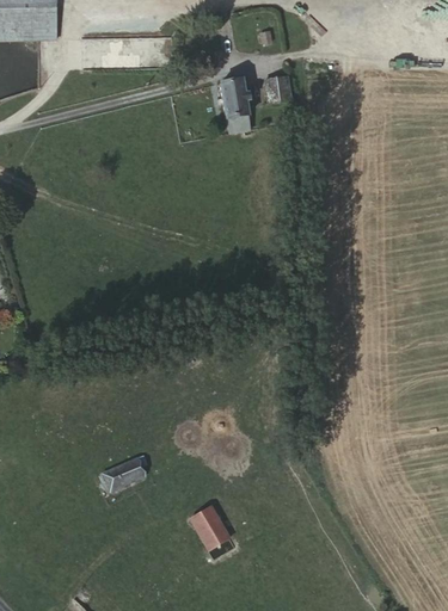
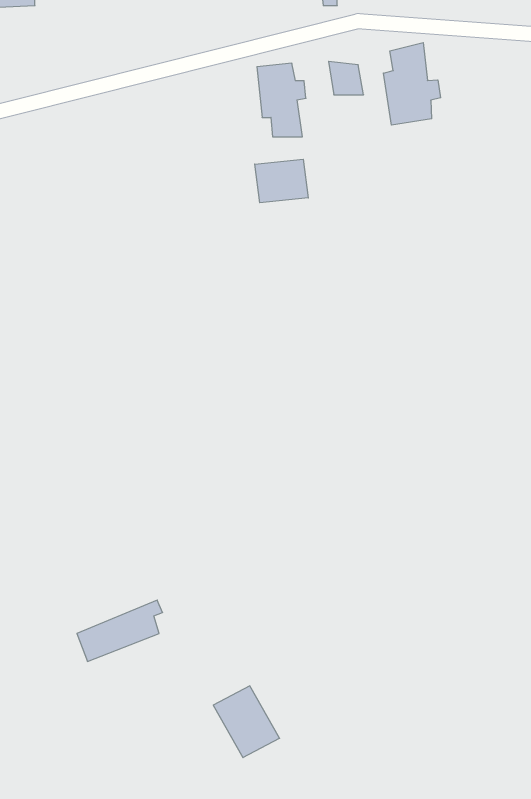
building: none -> [383,43,441,125]
building: none -> [255,159,308,203]

